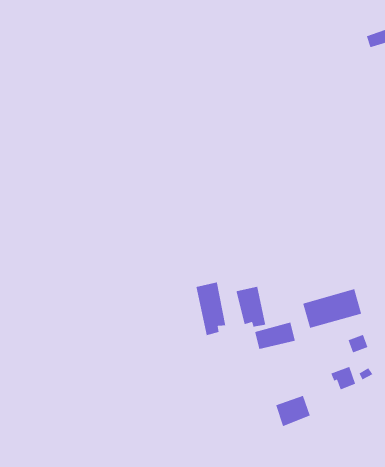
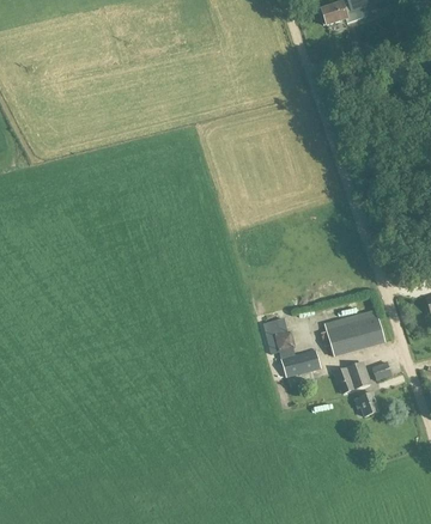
building: [195,282,226,336] -> none
building: [275,395,311,427] -> [334,362,369,394]

